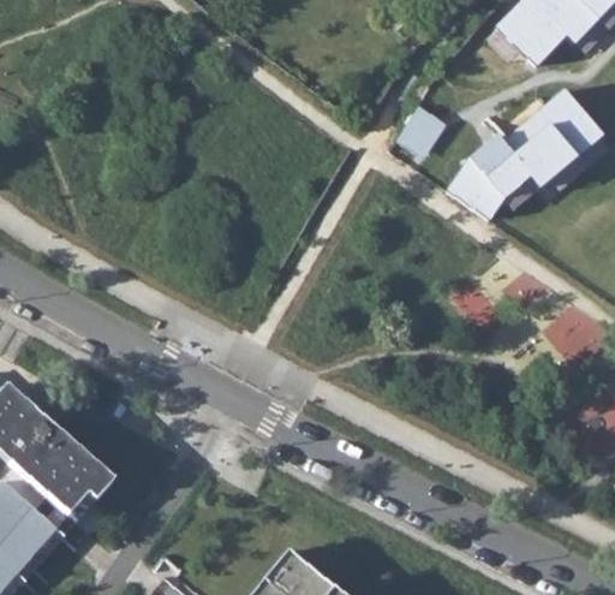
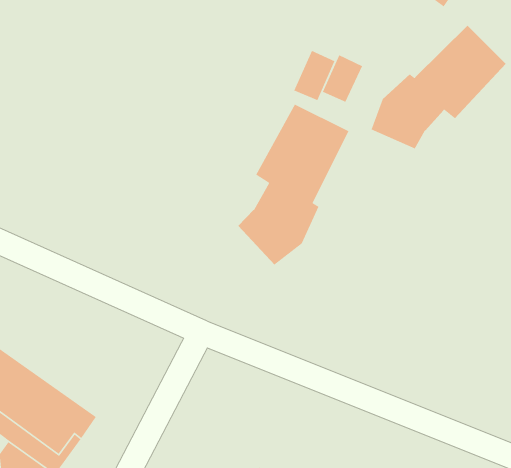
building: none -> [293,50,335,101]
building: none -> [238,103,349,266]

